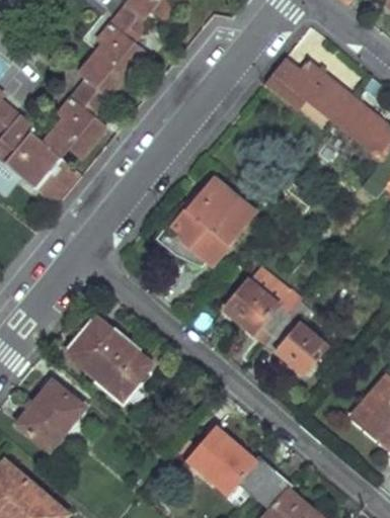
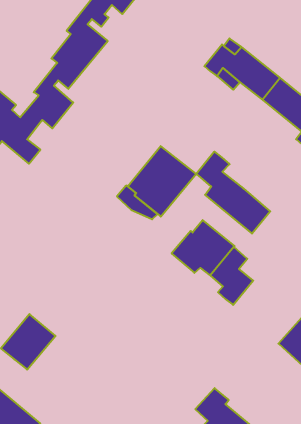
building: none -> [196,152,270,234]
building: [68,320,150,398] -> none
building: [189,426,276,495] -> none

